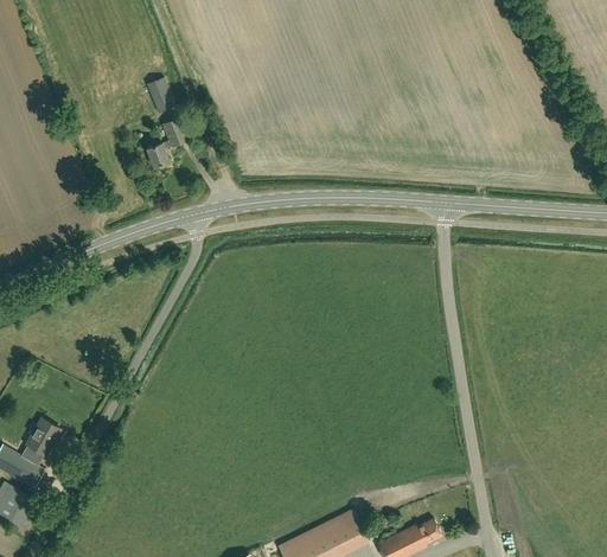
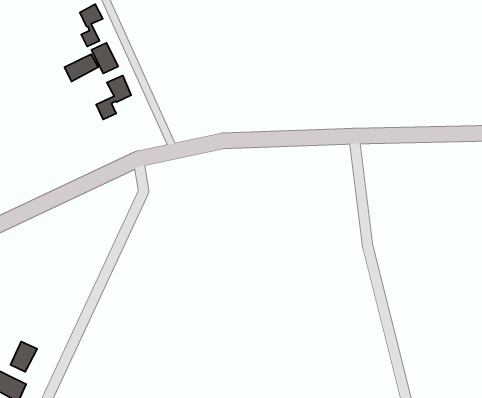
building: none -> [80,4,103,46]
building: none -> [65,54,98,81]

